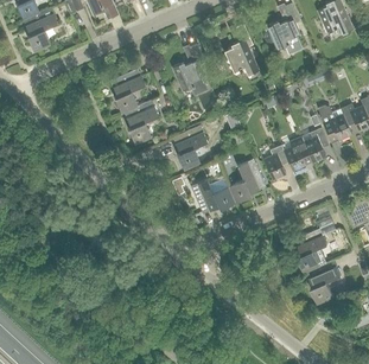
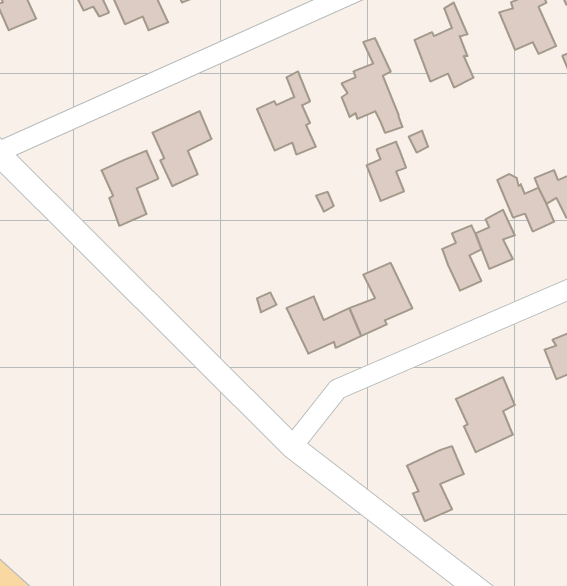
building: [24,7,58,52] -> none
building: [125,100,159,145] -> [101,151,158,226]
building: [173,124,208,170] -> none
building: [265,145,288,180] -> [367,142,406,201]
building: [307,260,342,305] -> [407,446,464,521]

